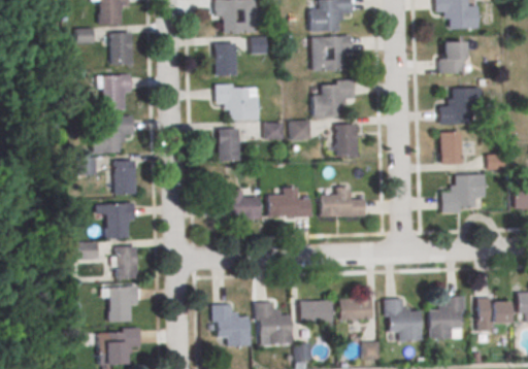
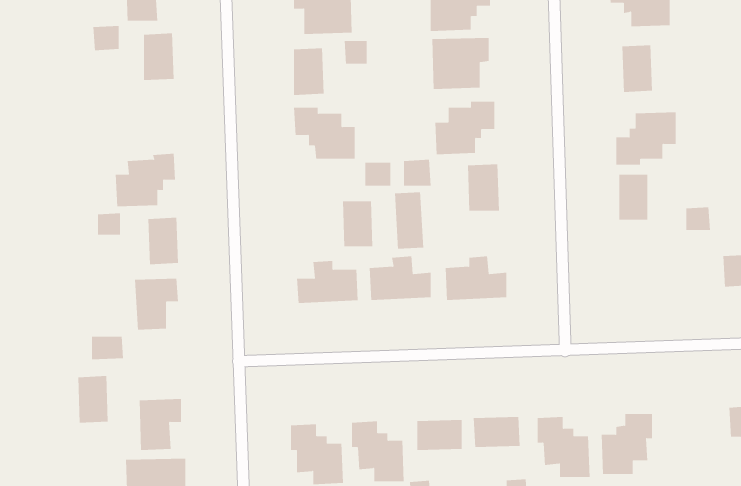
building: [102,75,132,111] -> none
building: [219,129,240,161] -> [342,201,373,247]
building: none -> [394,191,424,250]
building: [442,175,485,212] -> none
building: [116,246,137,279] -> [77,376,109,423]
building: [478,298,510,330] -> none

